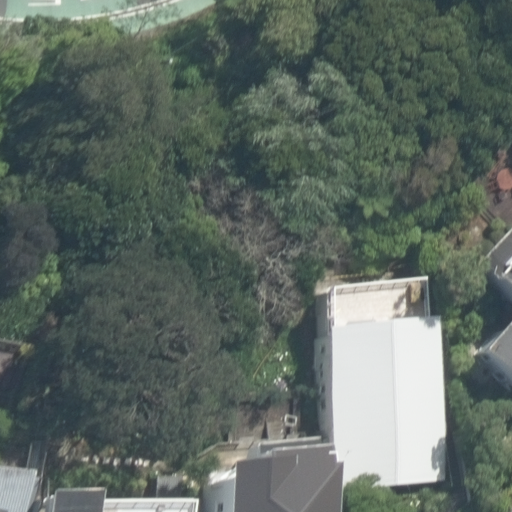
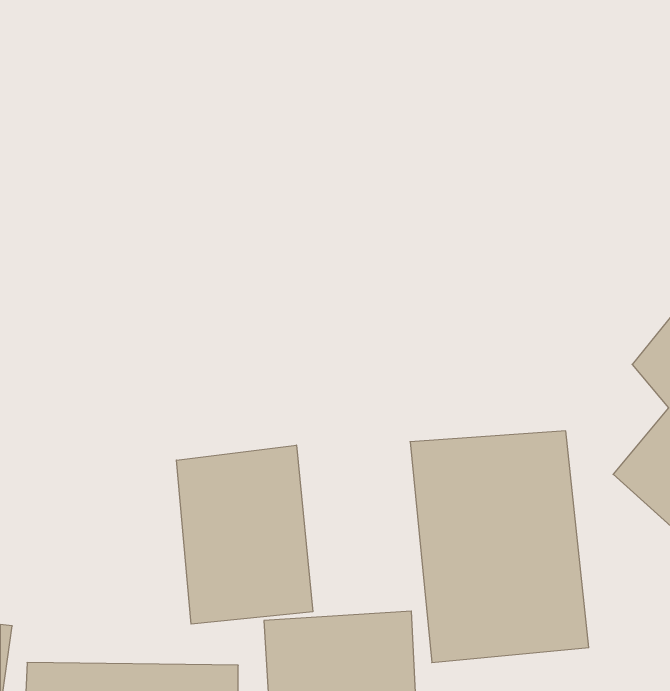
building: none -> [176,445,313,624]

